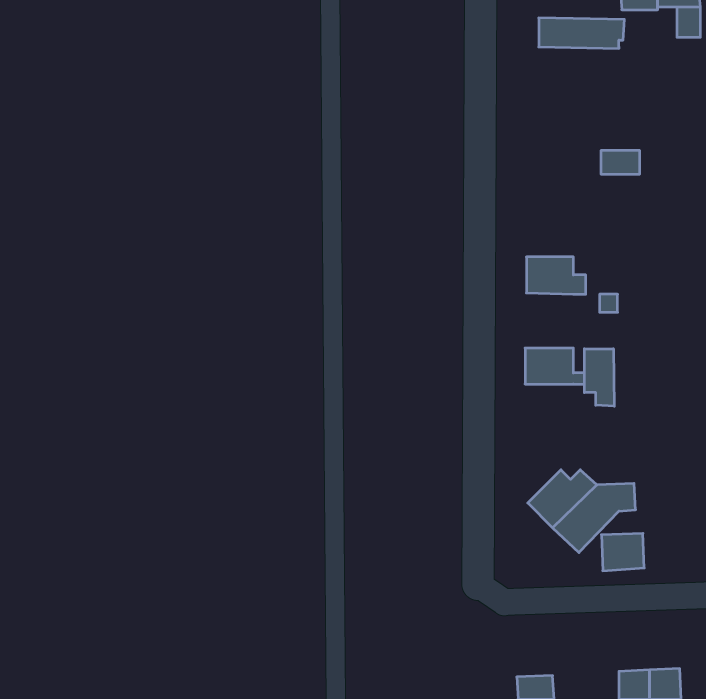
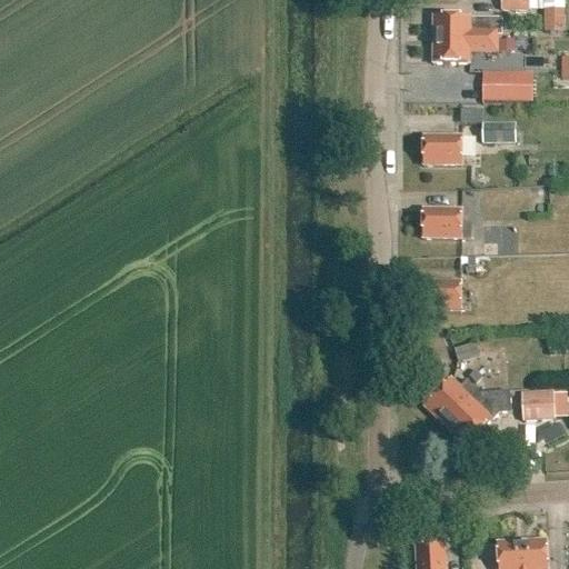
building: none -> [433,38,513,62]
building: none -> [481,69,523,99]
building: none -> [423,134,471,163]
building: [584,349,614,406] -> none
building: [601,533,644,571] -> [521,390,556,420]

